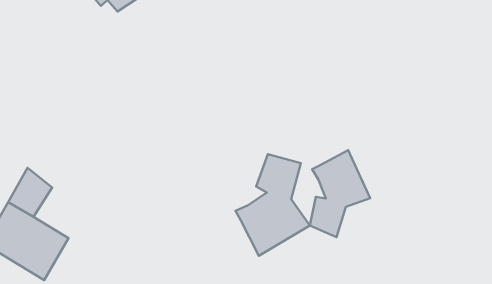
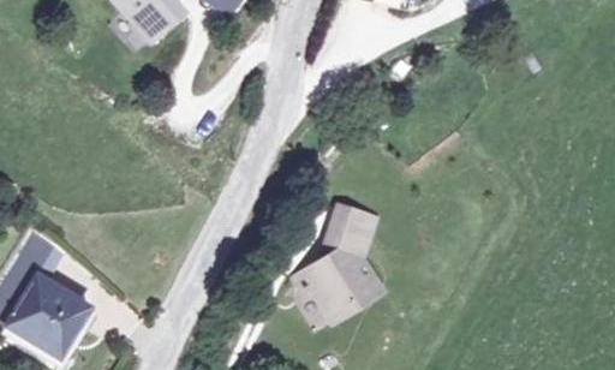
building: [310,150,370,237] -> none

